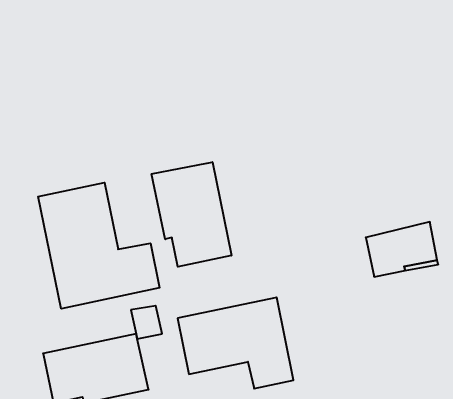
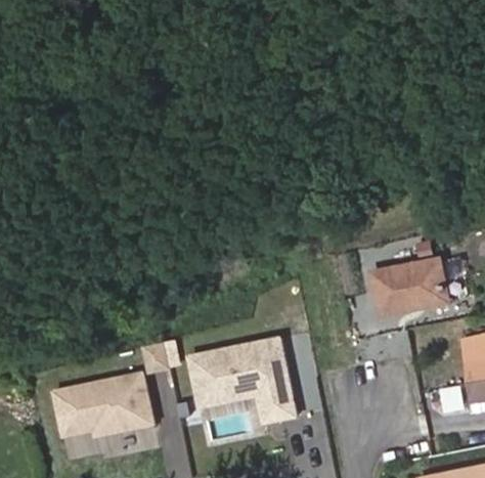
building: [152,162,231,267] -> none
building: [38,183,160,309] -> none

